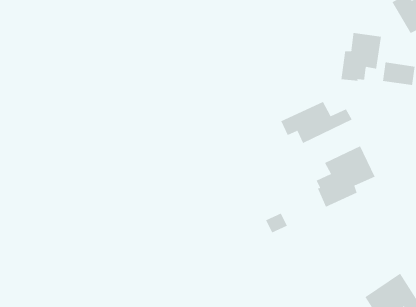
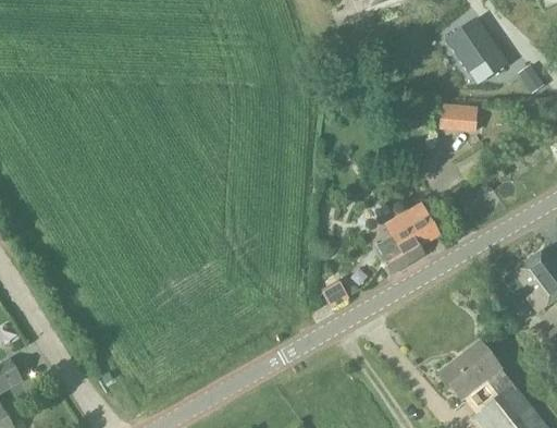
building: [341,32,381,81] -> none
building: [280,101,352,144] -> none

